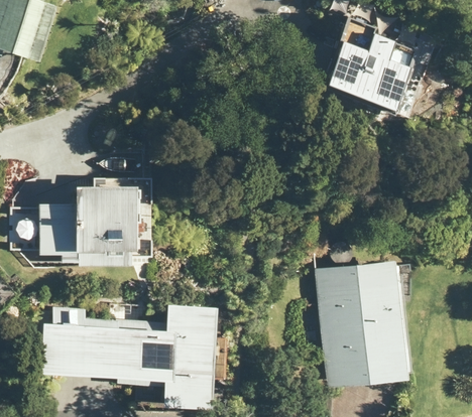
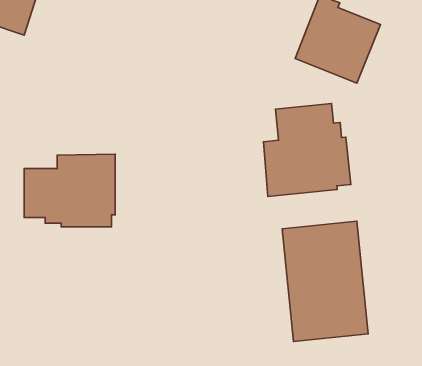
building: none -> [264,103,351,196]
building: [41,303,219,409] -> none

